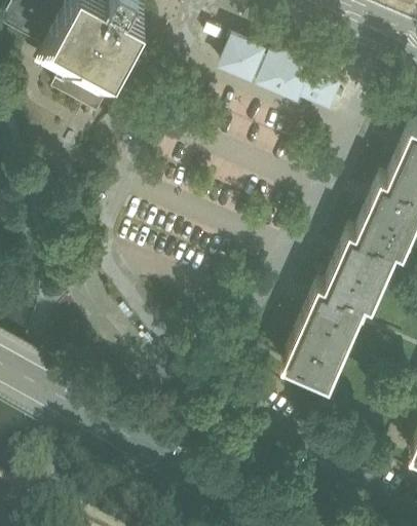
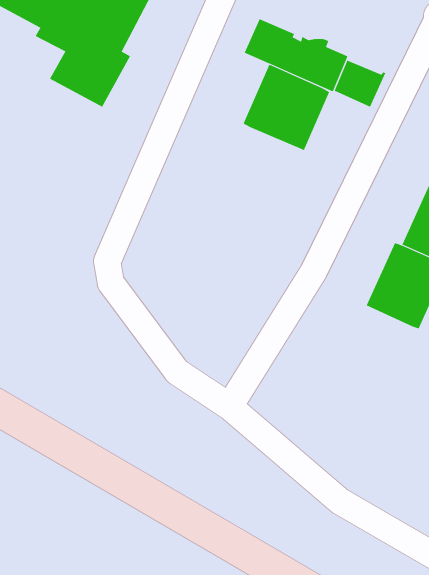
building: none -> [243,64,330,151]
building: [289,286,368,387] -> none

